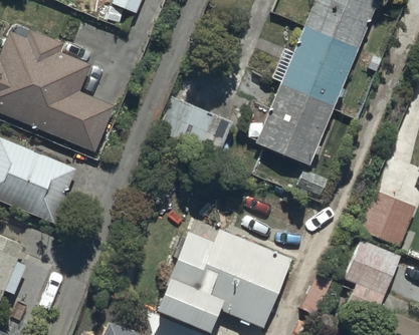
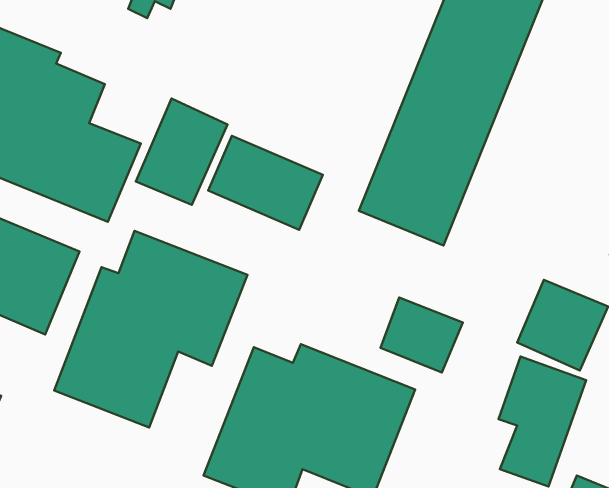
building: none -> [136,98,227,205]
building: none -> [54,231,247,428]
building: none -> [380,298,463,372]

